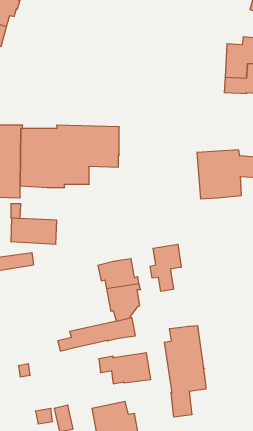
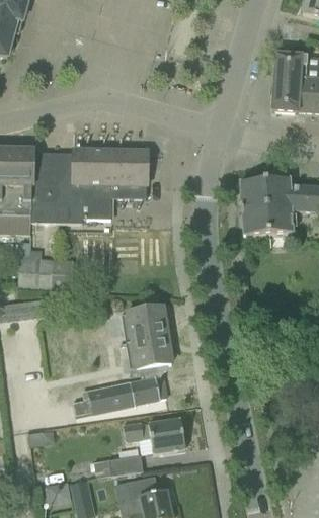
building: [150,244,181,291] -> none
building: [164,326,206,417] -> none
building: none -> [95,454,143,478]

